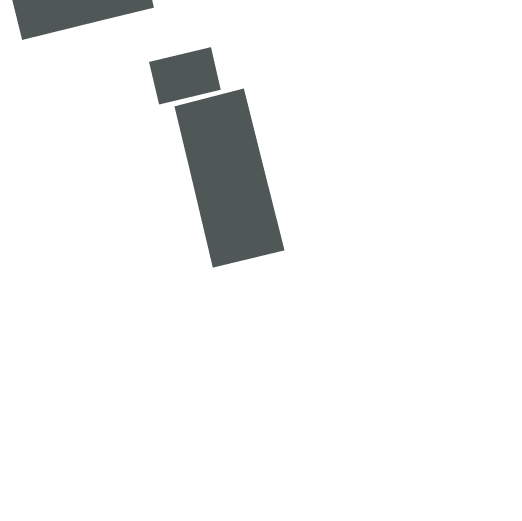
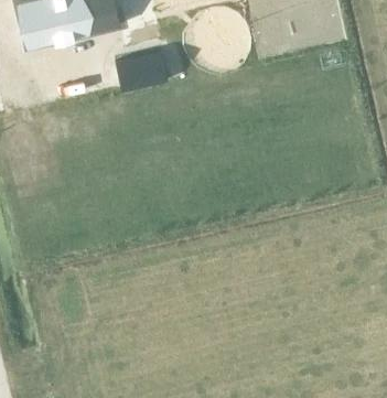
building: [174,88,286,268] -> none

